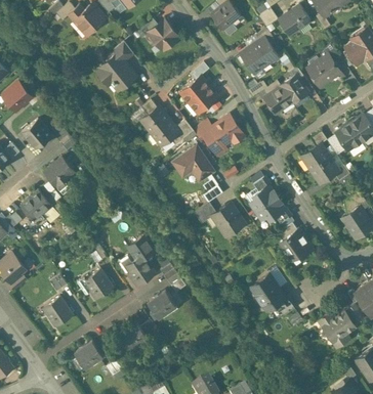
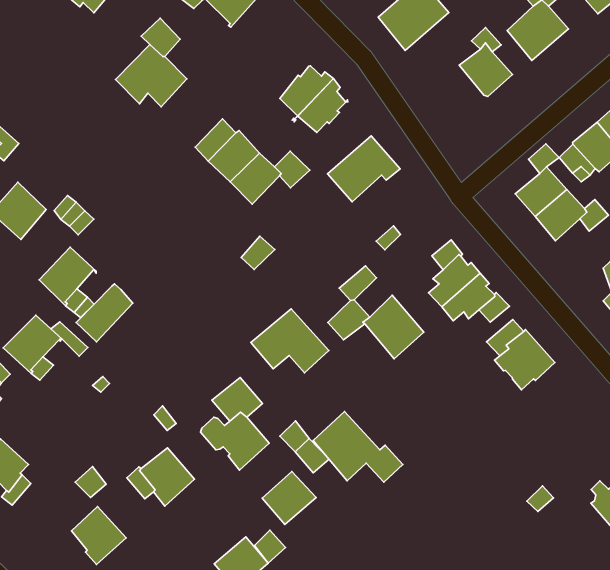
building: [263,81,291,114] -> none
building: [172,146,213,181] -> [251,309,329,373]
building: none -> [76,284,133,342]
building: [250,274,296,314] -> [313,412,403,482]

